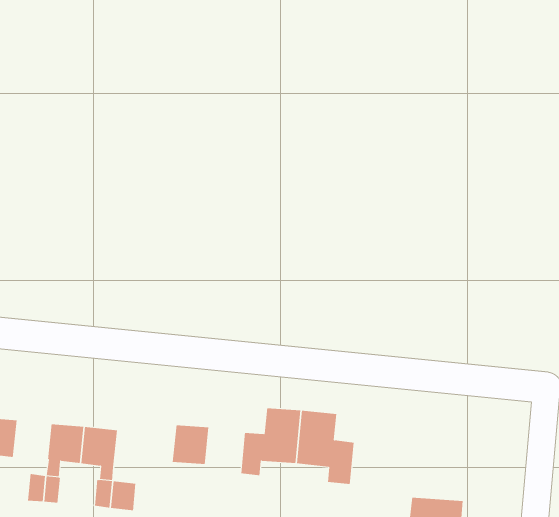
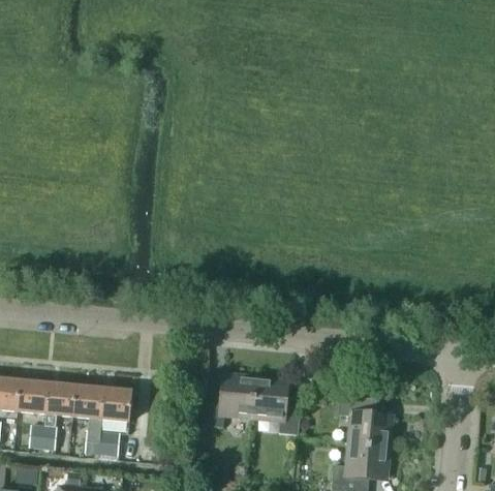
building: none -> [17,380,48,413]
building: [172,425,209,464] -> [100,389,131,422]
building: none -> [338,397,395,448]

